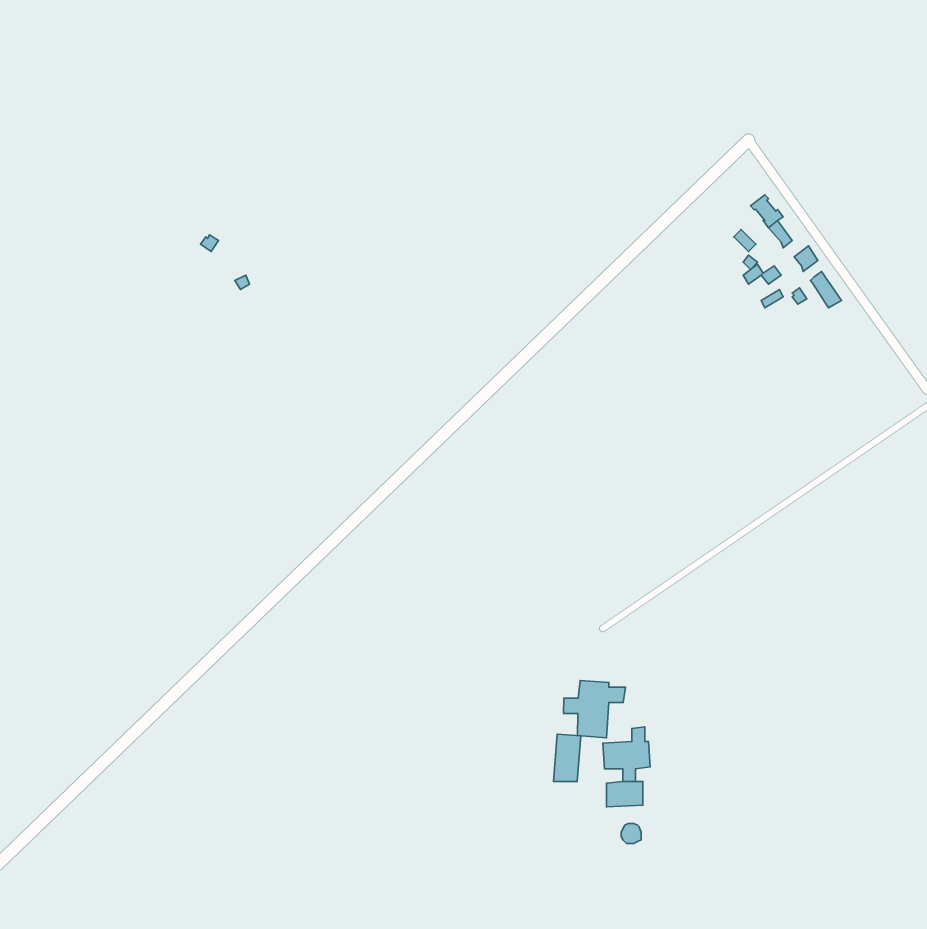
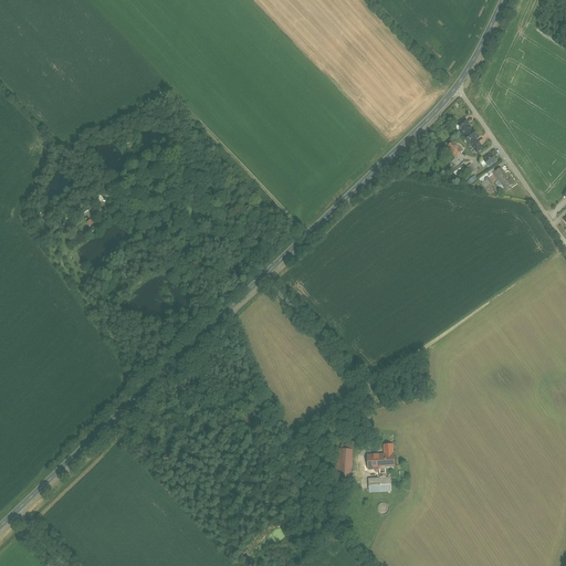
building: [564,680,625,738] -> none

